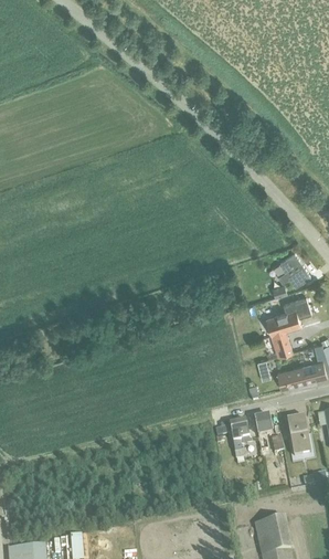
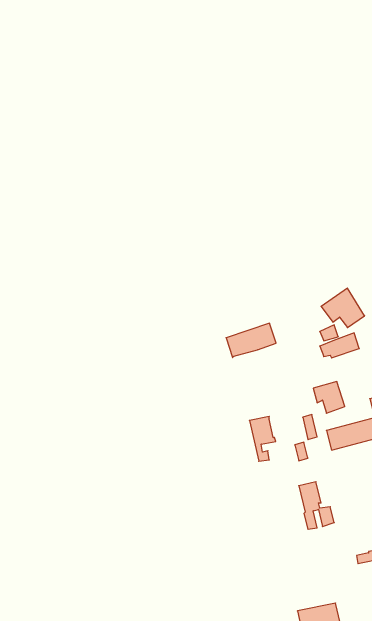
building: [261,309,303,338] -> [226,323,276,358]
building: [288,416,311,456] -> none
building: [231,421,253,458] -> [249,416,276,461]

